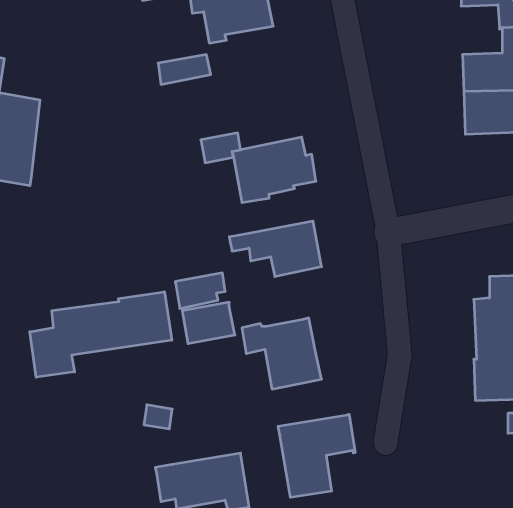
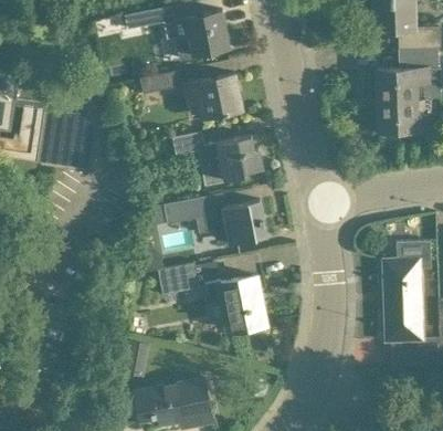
building: none -> [186,74,242,117]
building: [175,273,225,309] -> [164,197,202,224]
building: [30,292,172,377] -> none
building: [278,414,355,497] -> none

